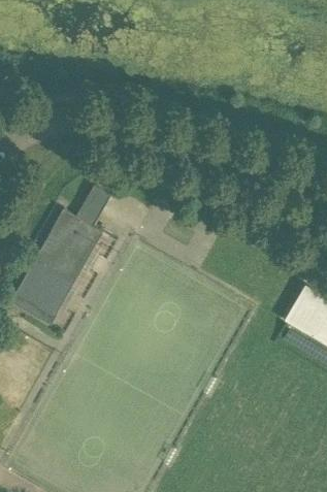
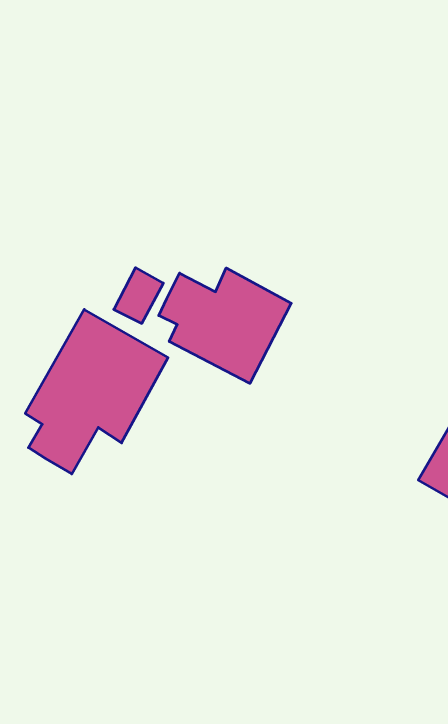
building: none -> [159,268,291,383]

